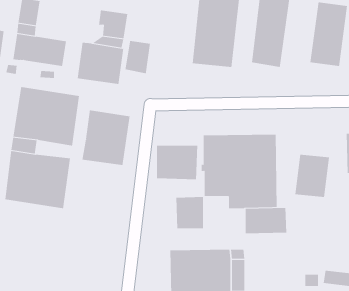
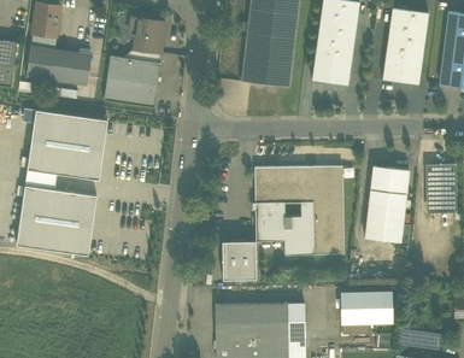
building: [125,40,150,74] -> none
building: [82,109,130,166] -> none
building: none -> [370,165,409,193]
building: [157,145,198,180] -> none
building: [245,207,287,234] -> [341,290,392,322]

